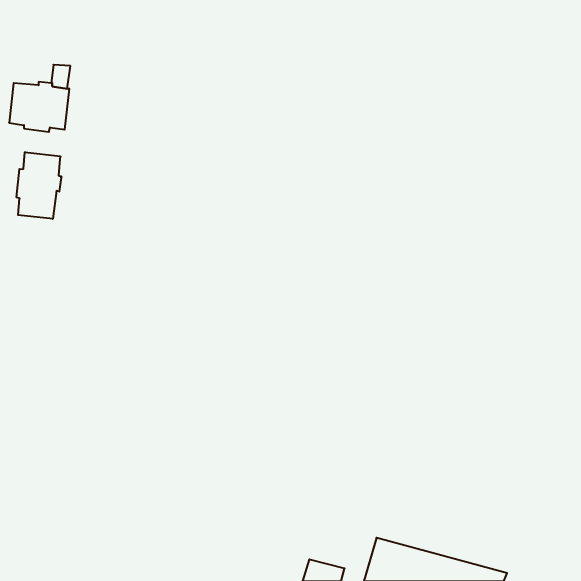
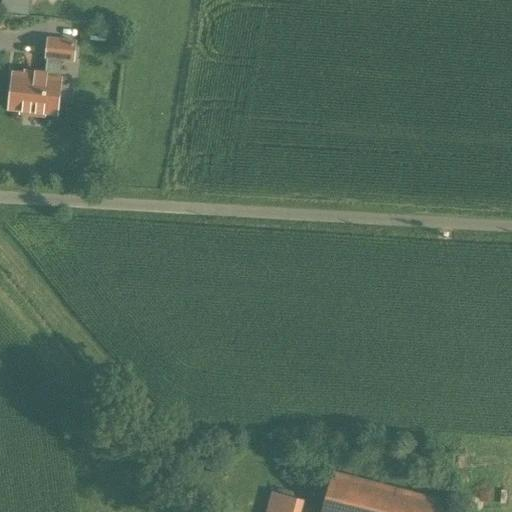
building: none -> [45,39,75,60]
building: [17,152,61,219] -> none

